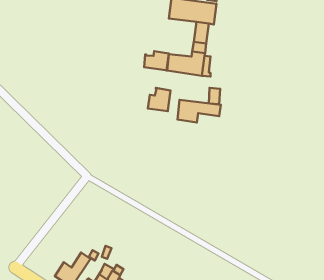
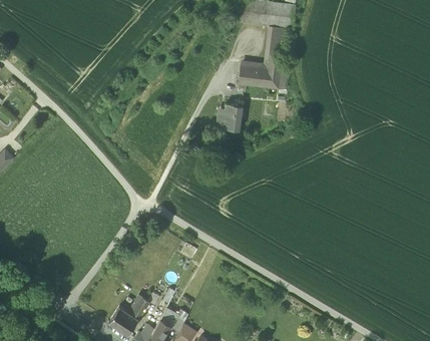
building: [144,51,169,70] -> none
building: [177,100,221,122] -> none

